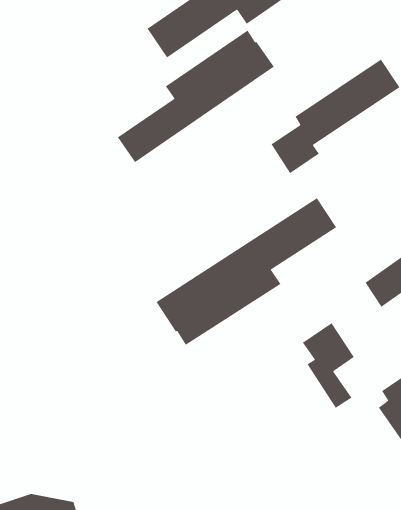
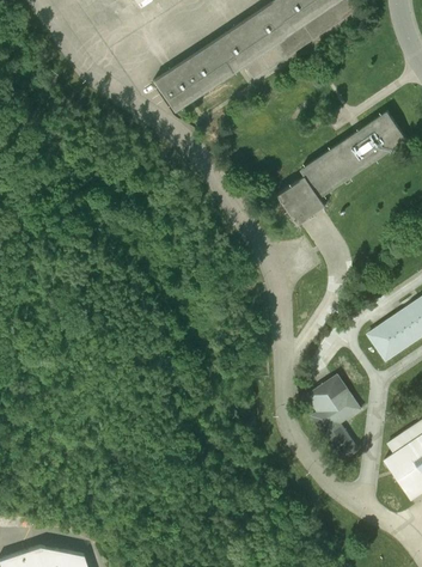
building: [117,30,275,163] -> none
building: [156,197,337,346] -> none

